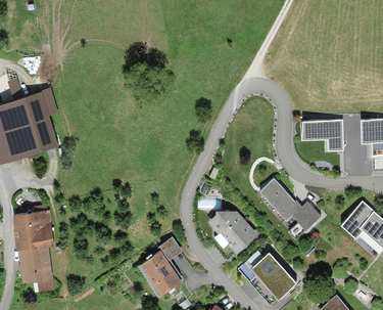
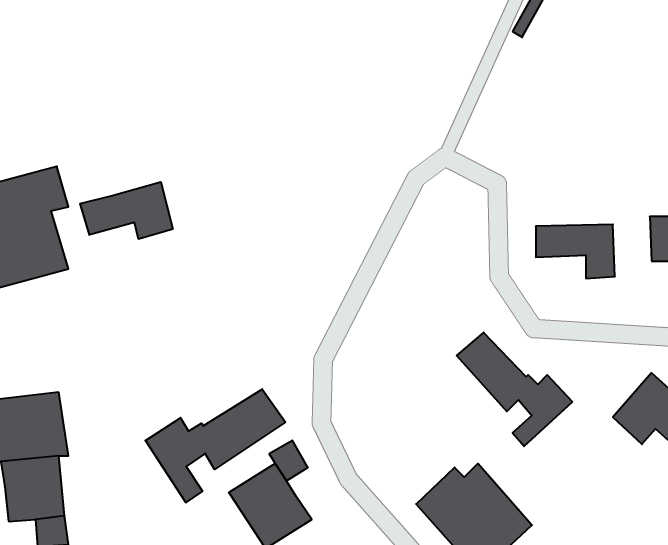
building: none -> [80,182,173,239]
building: [207,209,258,254] -> none
building: none -> [145,389,285,503]

